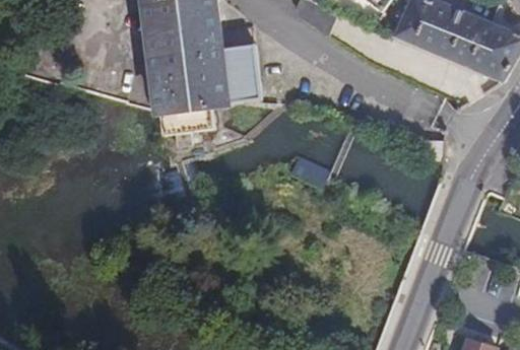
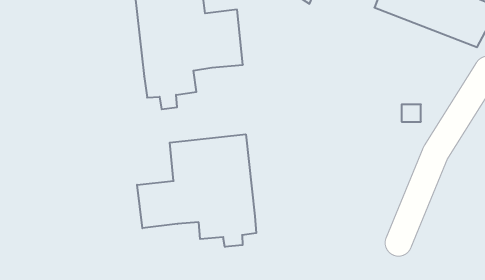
building: none -> [137,134,256,247]

